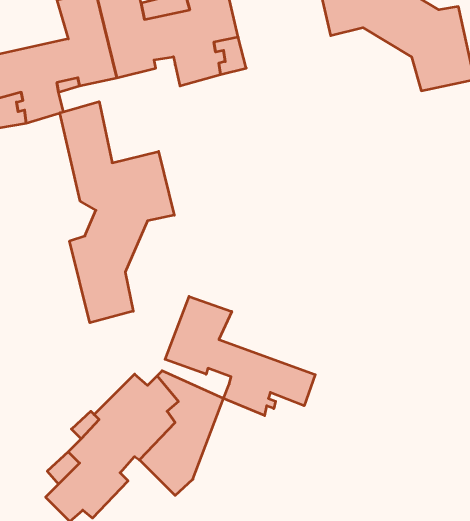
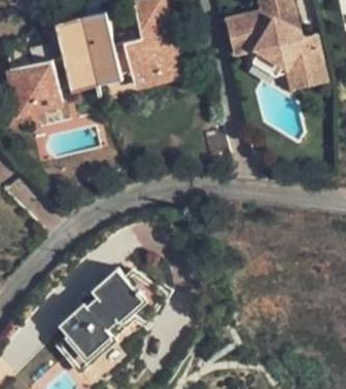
building: [60,102,174,323] -> none
building: [165,296,315,416] -> none

